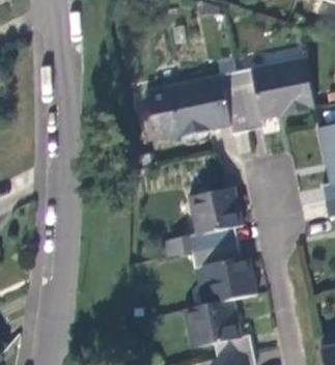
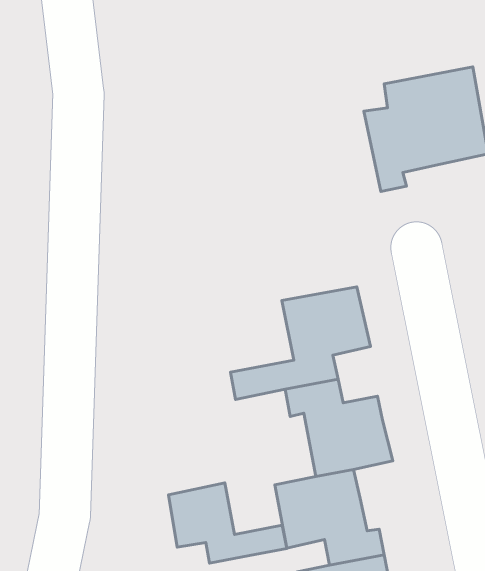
building: [148,74,249,140] -> none
building: none -> [168,483,287,563]

